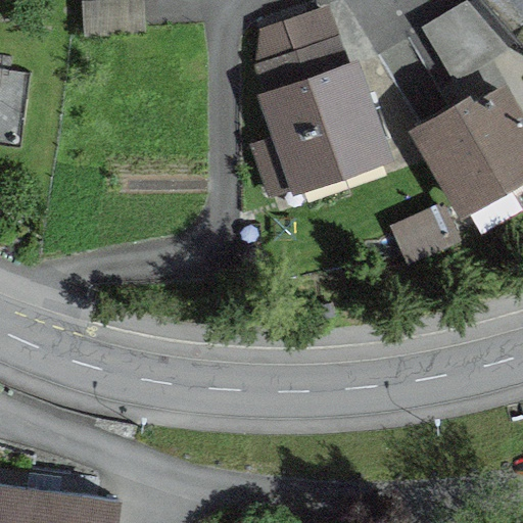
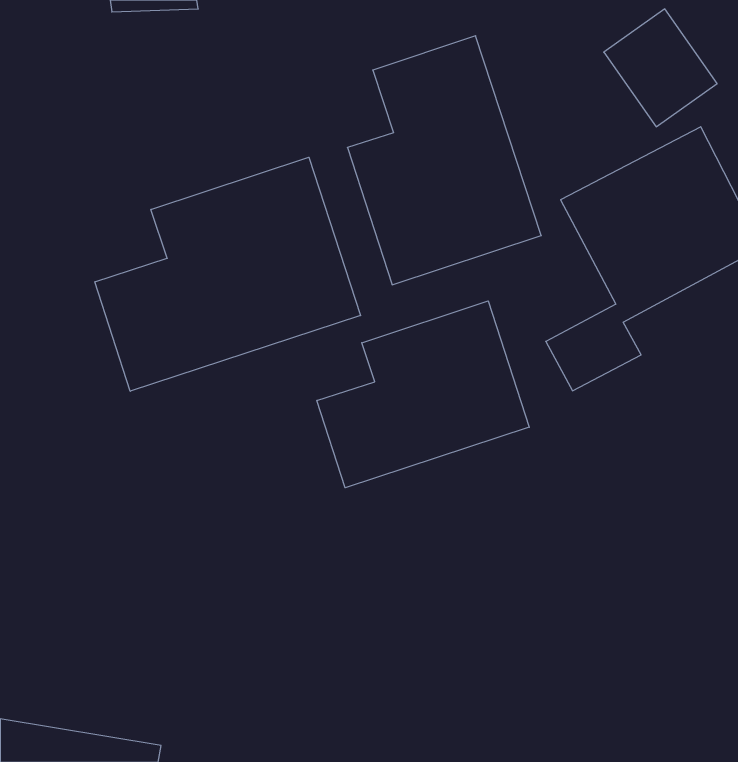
building: none -> [95,157,361,391]
building: none -> [317,301,529,488]

